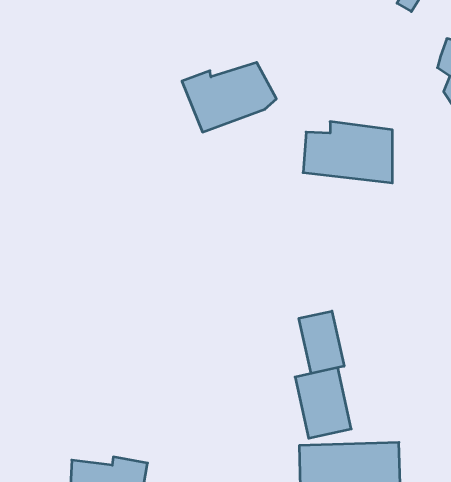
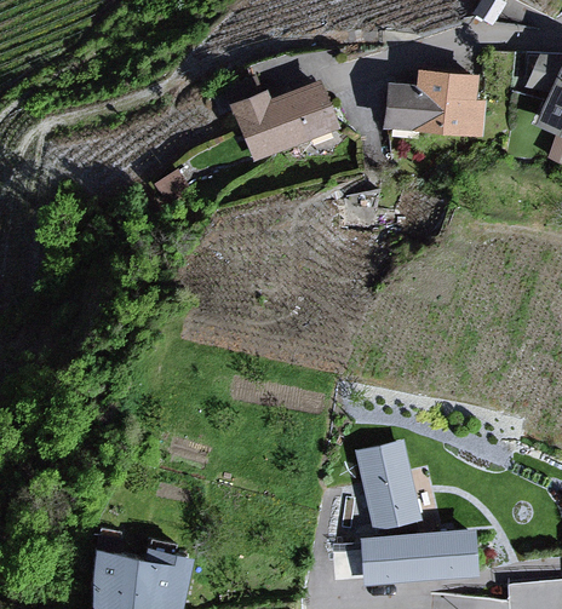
building: [303,122,392,183] -> [382,71,486,143]
building: [299,311,344,373] -> none

